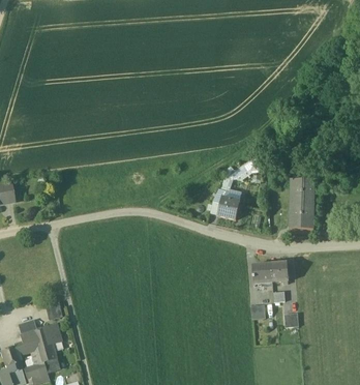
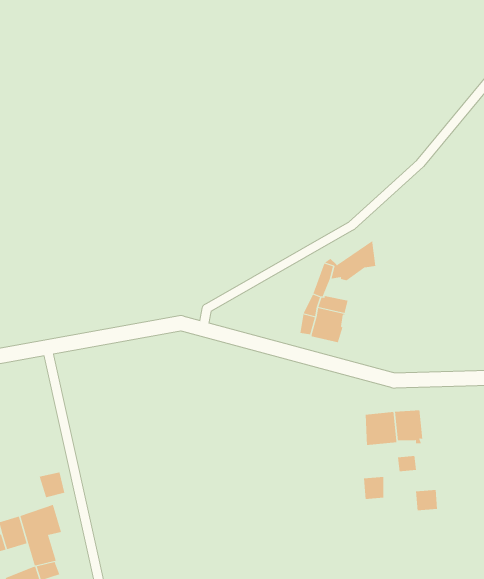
building: [290,179,316,229] -> none

